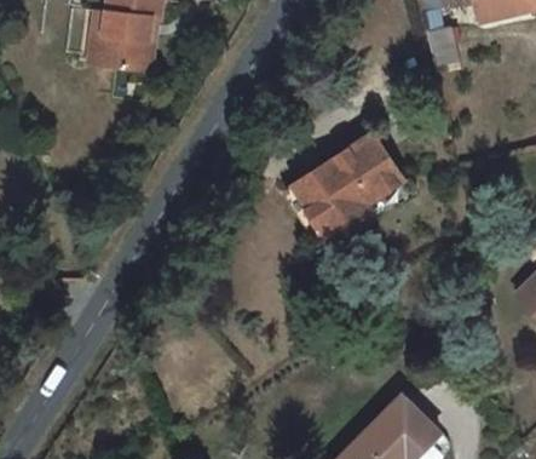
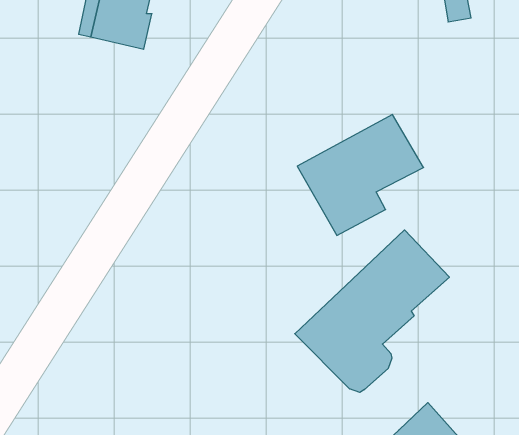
building: none -> [295,230,449,392]

